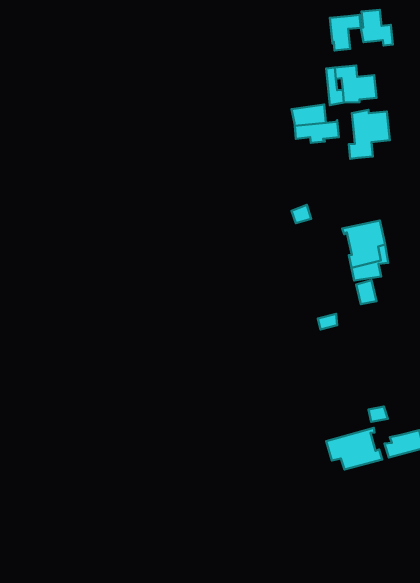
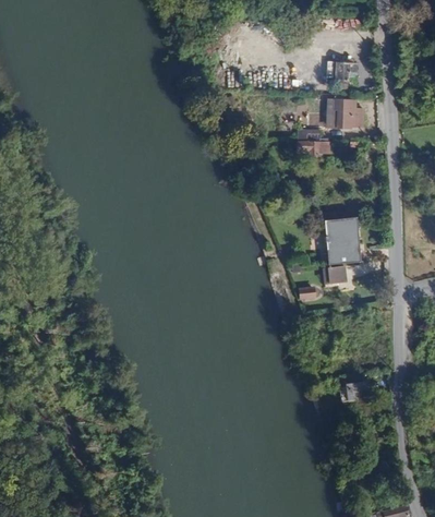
building: [361,10,393,46] -> none
building: [349,110,390,159] -> none
building: [326,428,382,470] -> none

